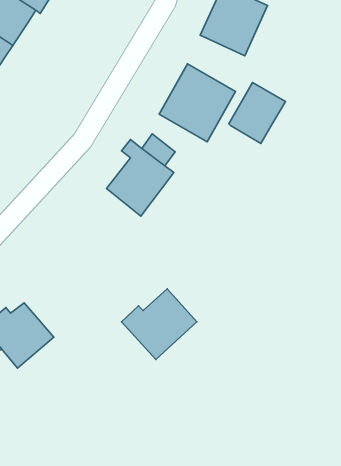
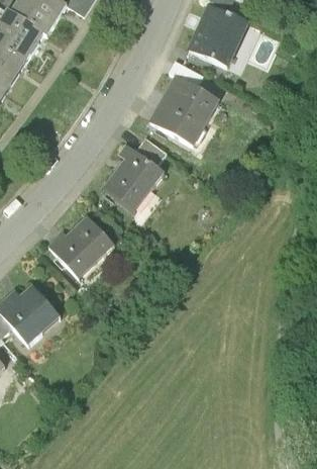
building: [229,83,285,143] -> none
building: [121,289,197,360] -> [48,215,115,278]

